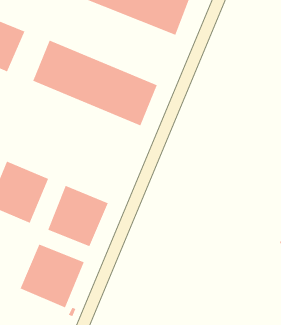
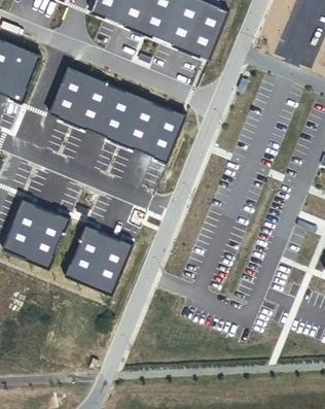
building: [19,243,85,309] -> none

